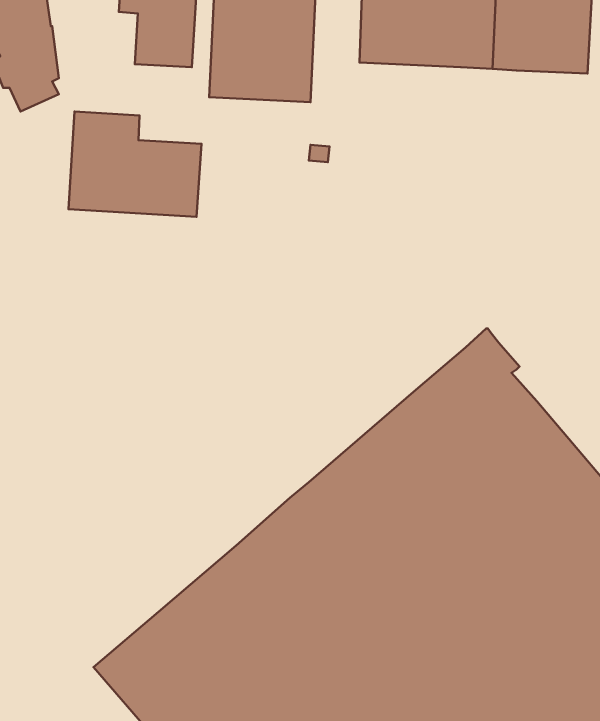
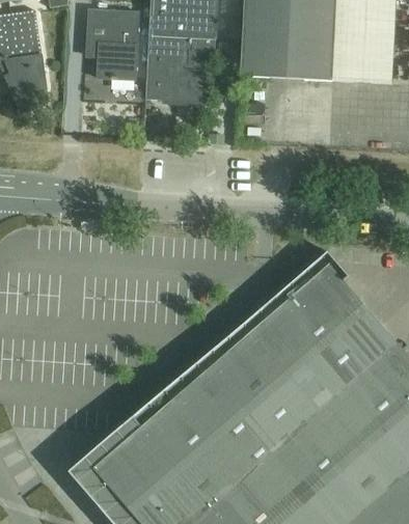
building: [69,112,201,217] -> none

